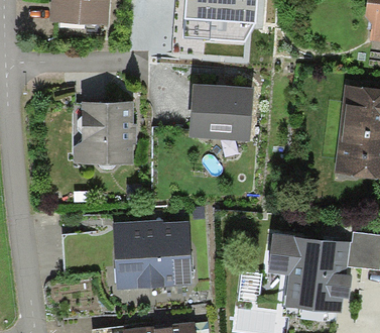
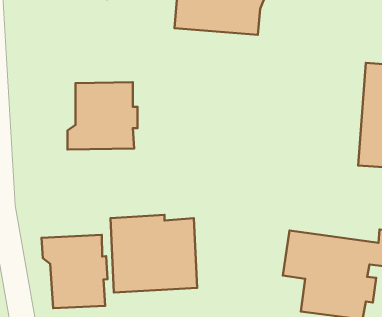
building: [192,86,253,141] -> none
building: none -> [41,235,108,308]

